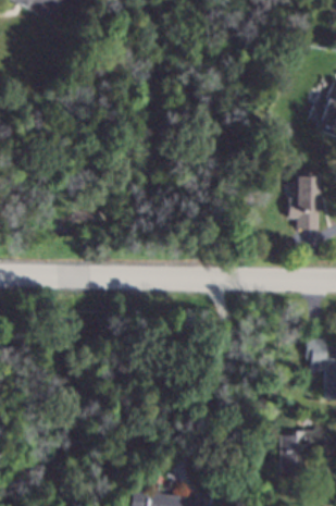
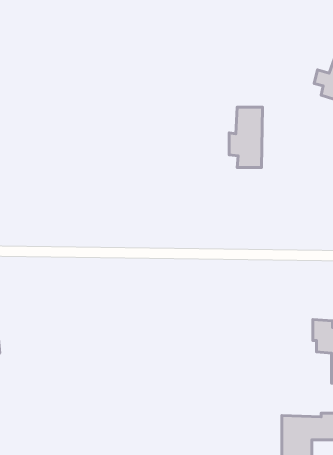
building: [289,173,321,230] -> [229,107,263,167]

